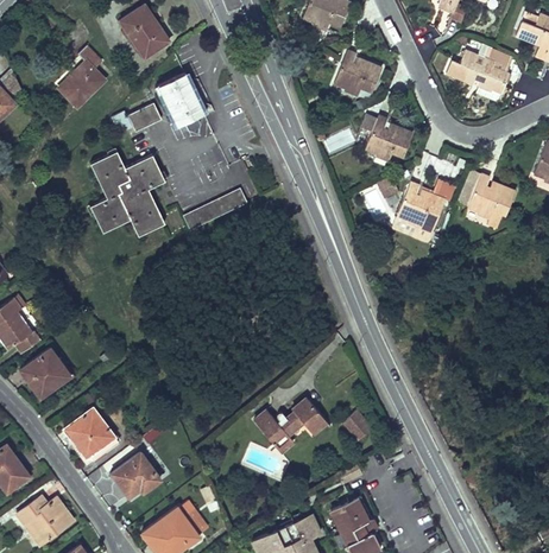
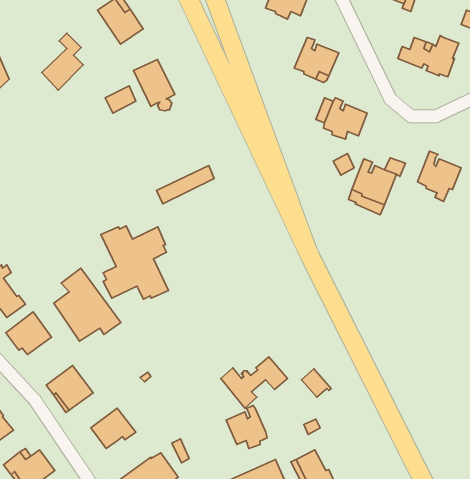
building: [90,154,164,234] -> [101,226,169,299]
building: none -> [54,268,121,341]
building: none -> [226,405,267,449]

